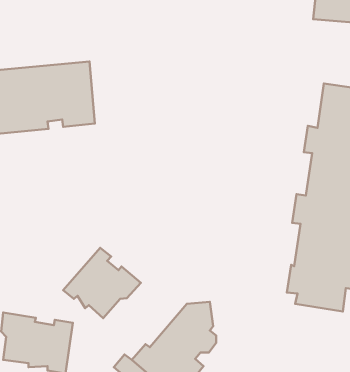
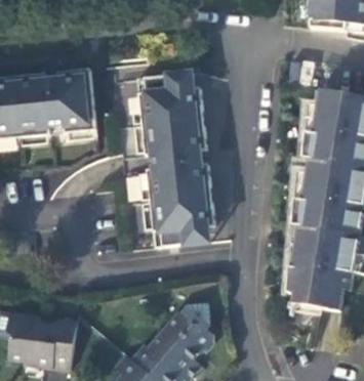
building: none -> [138,74,216,247]
building: [63,248,141,318] -> none

